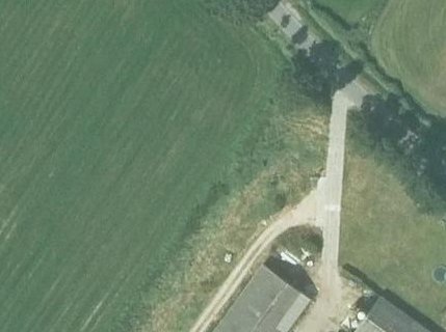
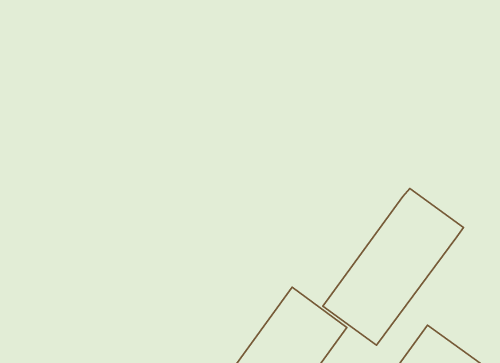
building: none -> [323,188,463,345]

